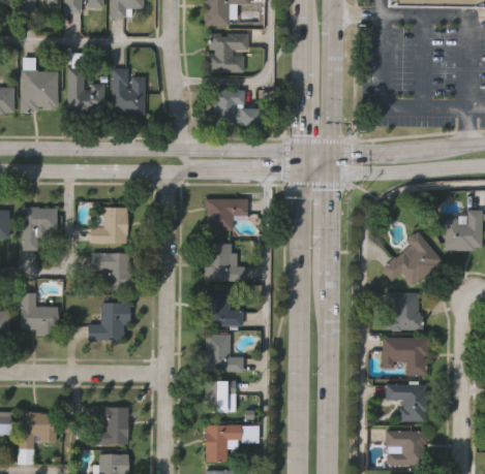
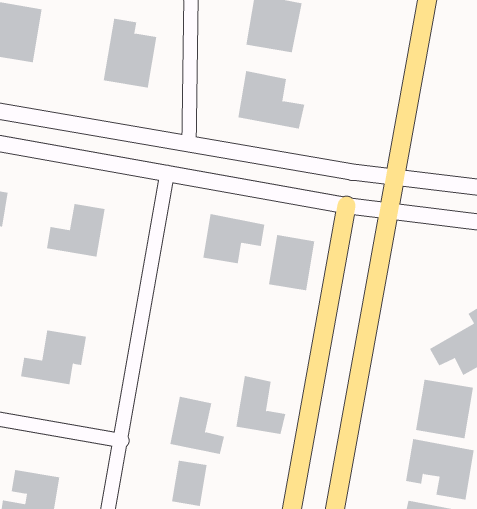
building: [67,68,104,112] -> none
building: [205,244,234,281] -> [268,235,315,291]
building: [92,253,131,283] -> none
building: [208,288,243,326] -> [236,376,286,434]

